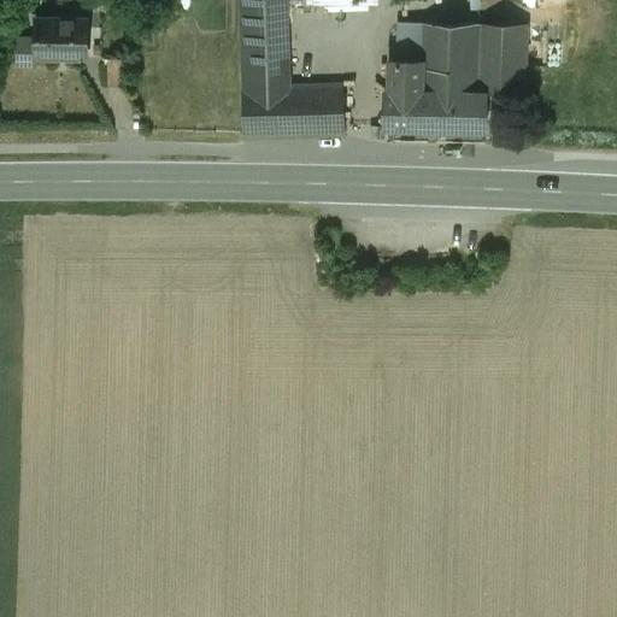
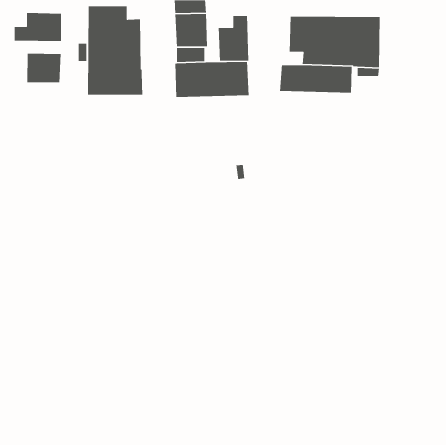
building: none -> [87,5,143,96]
building: none -> [218,15,249,61]
building: none -> [26,53,61,83]

